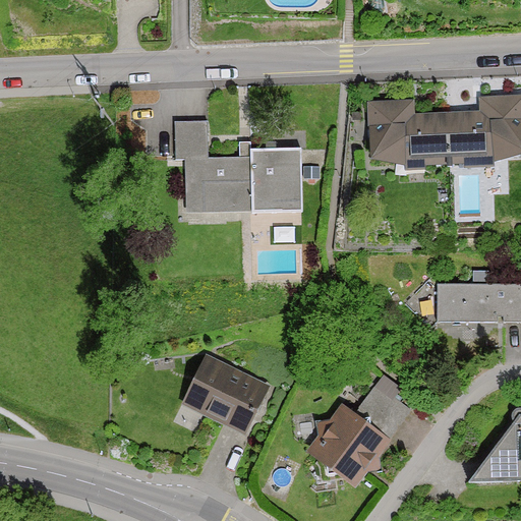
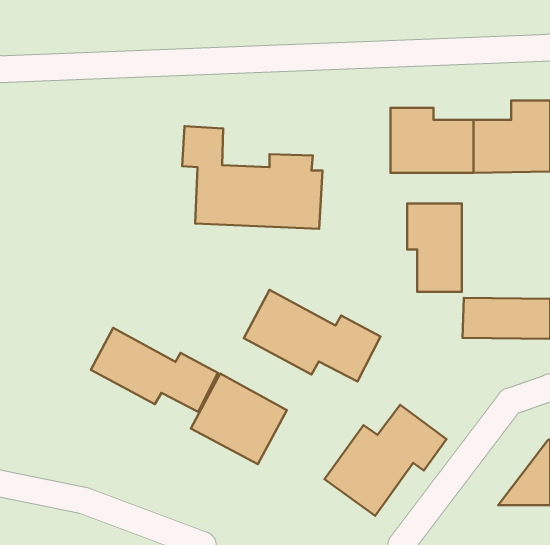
building: none -> [407,204,462,292]
building: none -> [244,290,381,381]
building: none -> [91,328,218,412]

